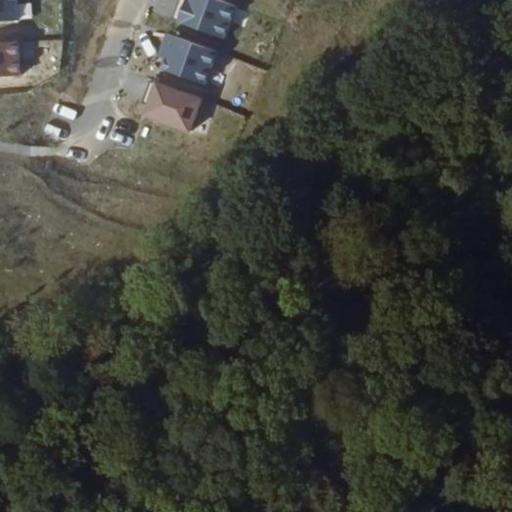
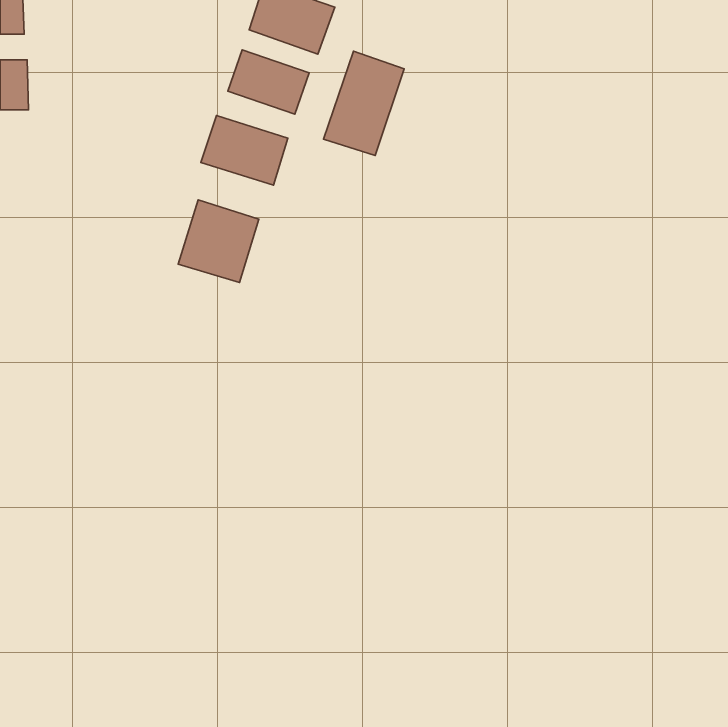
building: none -> [324,51,404,156]
building: none -> [178,200,259,283]

